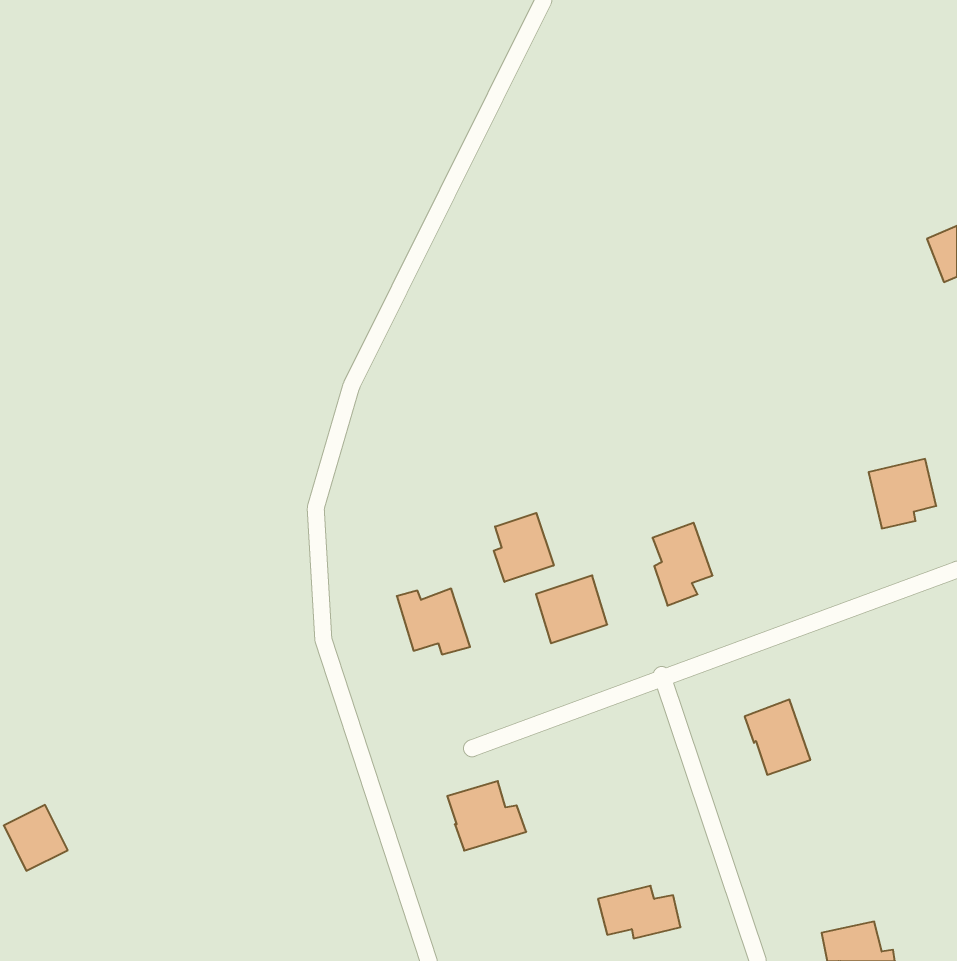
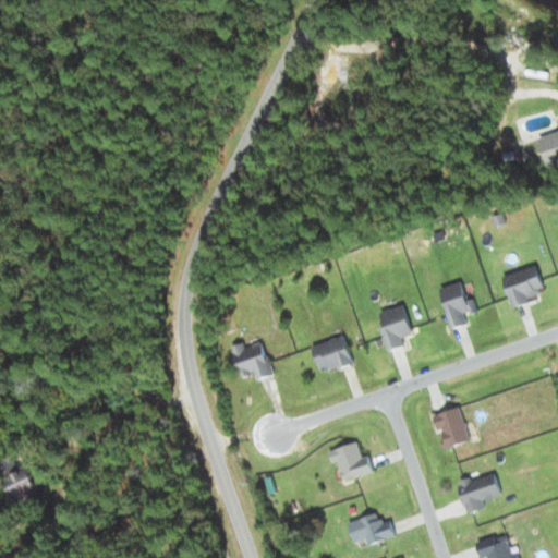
building: none -> [438,281,477,328]
building: [494,513,554,582] -> none
building: [447,781,526,851] -> [327,441,373,482]
building: none -> [458,472,500,513]

